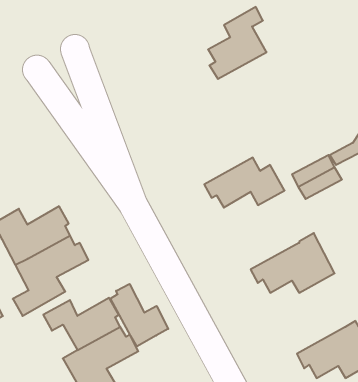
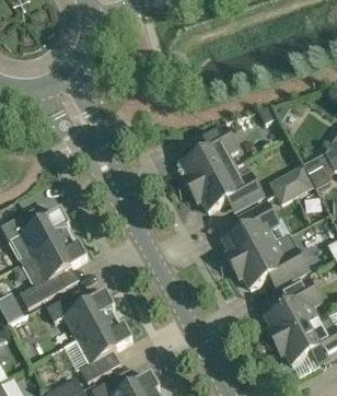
building: [208,7,267,79] -> [182,125,234,189]
building: none -> [223,201,279,266]
building: none -> [266,278,321,341]
building: [110,284,168,346] -> none

